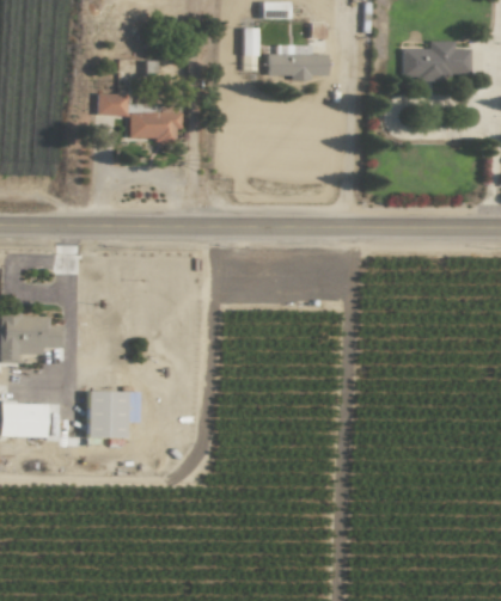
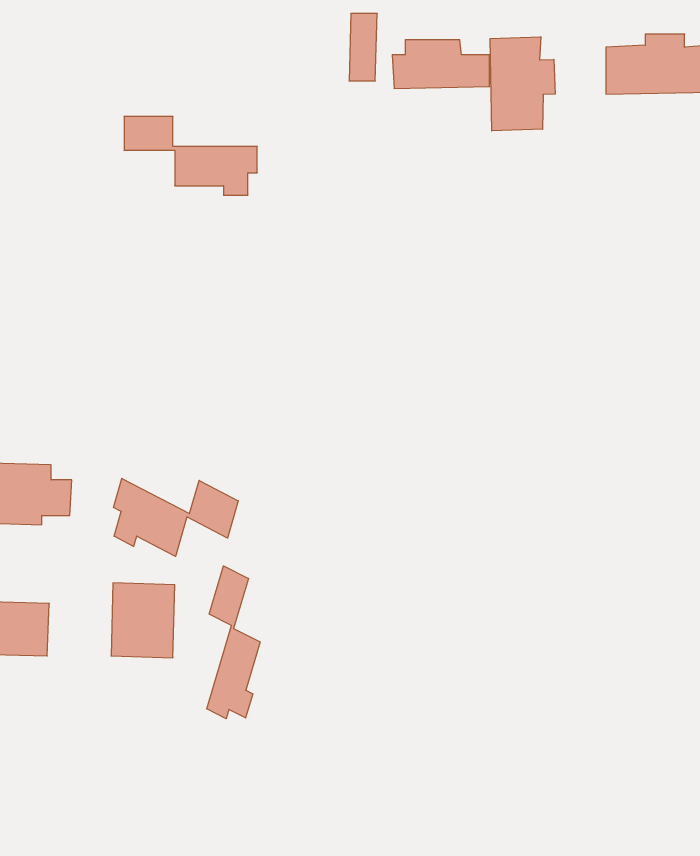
building: none -> [490,37,555,131]
building: none -> [114,478,238,556]
building: none -> [207,566,260,719]

